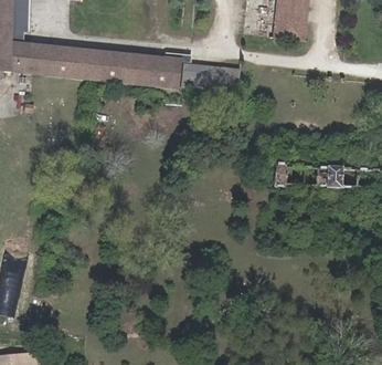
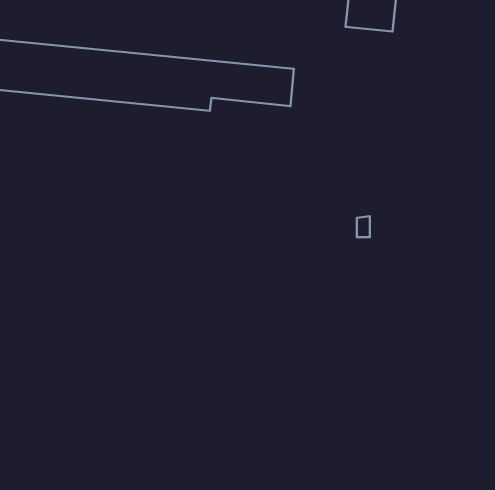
building: [320,166,348,187] -> none

